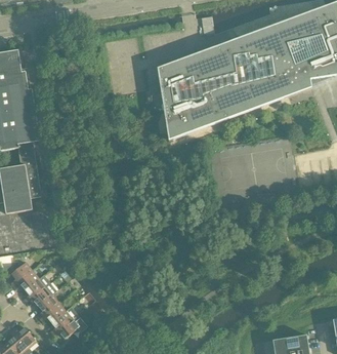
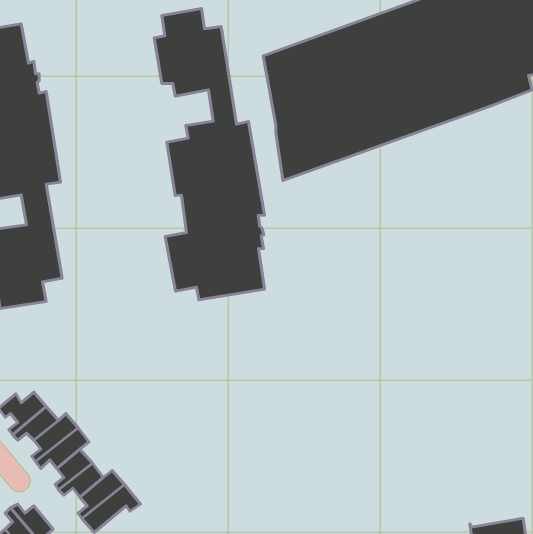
building: none -> [154,9,264,300]

